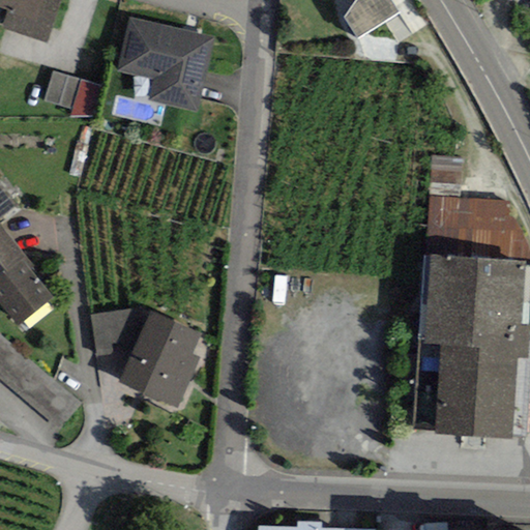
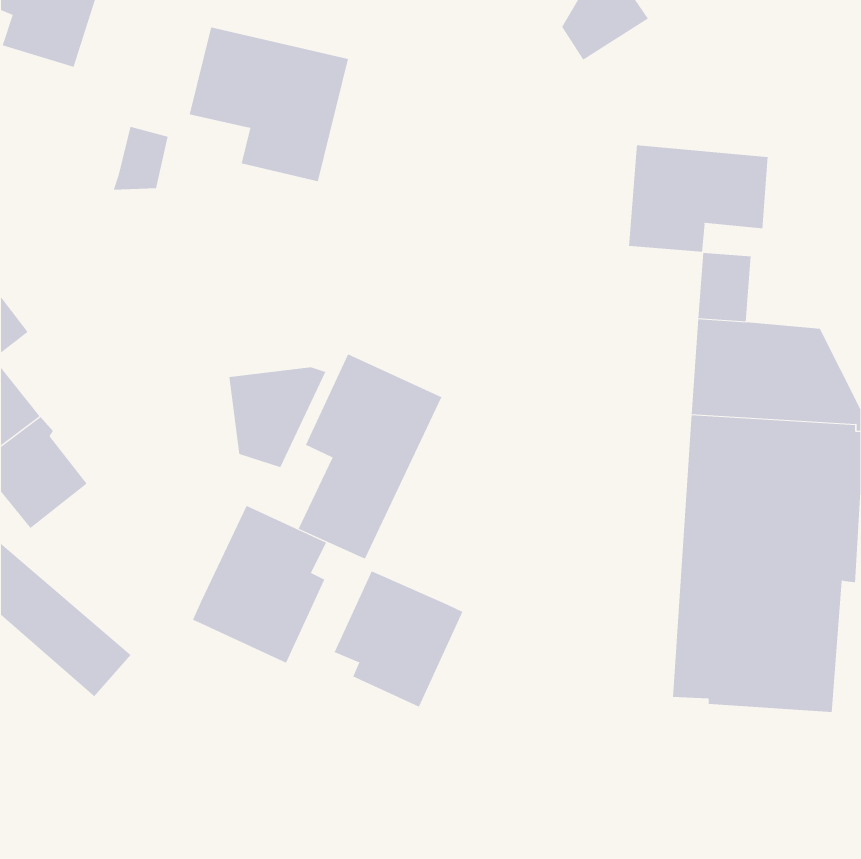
building: [43,70,80,108] -> none
building: none -> [629,145,768,253]
building: none -> [298,353,442,560]
building: [91,307,151,370] -> [229,367,326,468]
building: none -> [334,571,463,707]

